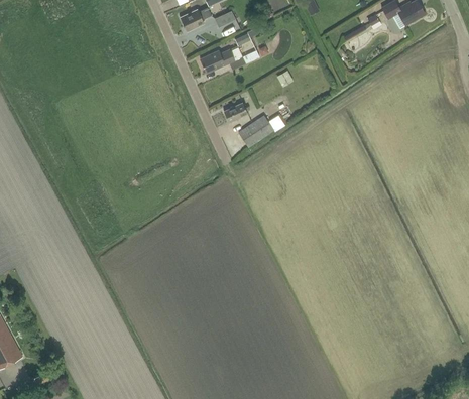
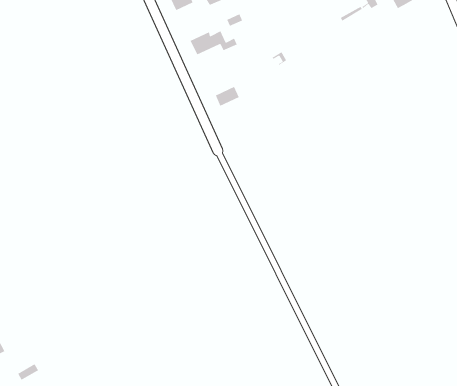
building: [239,115,274,146] -> none

